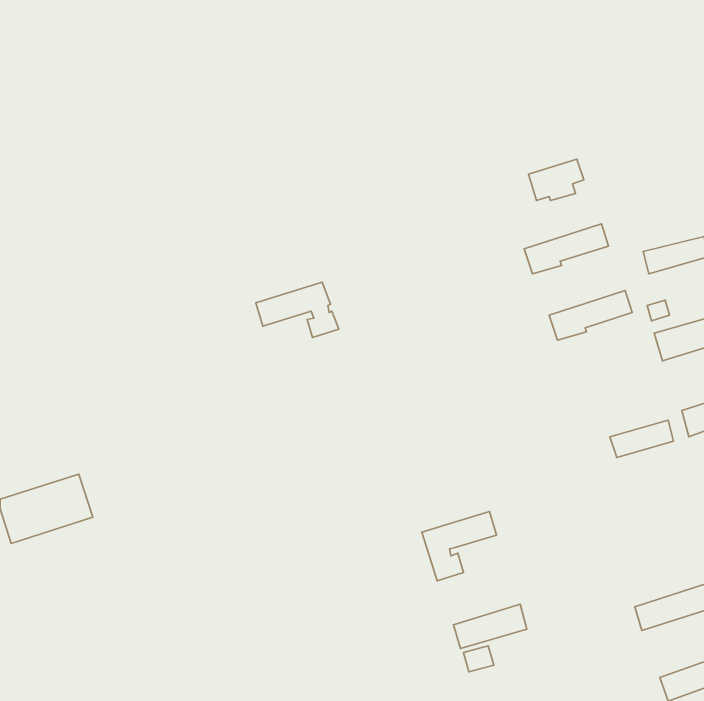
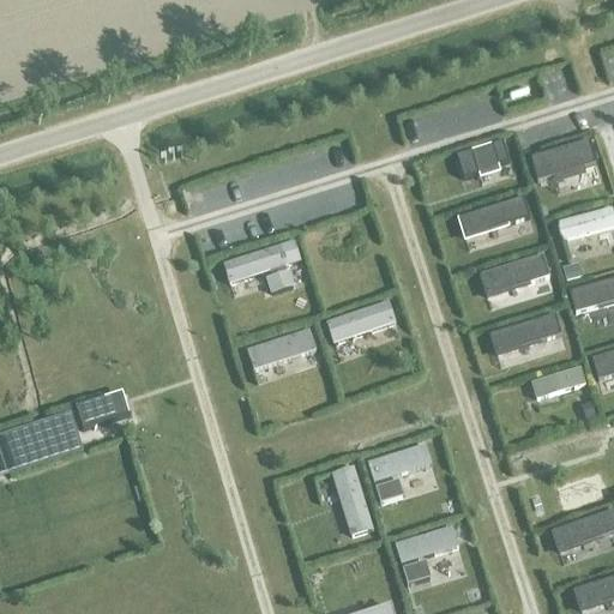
building: none -> [531,137,597,179]
building: none -> [327,300,397,341]
building: none -> [489,312,561,355]
building: none -> [247,327,317,368]
building: none -> [77,392,125,428]
building: none -> [331,464,375,535]

